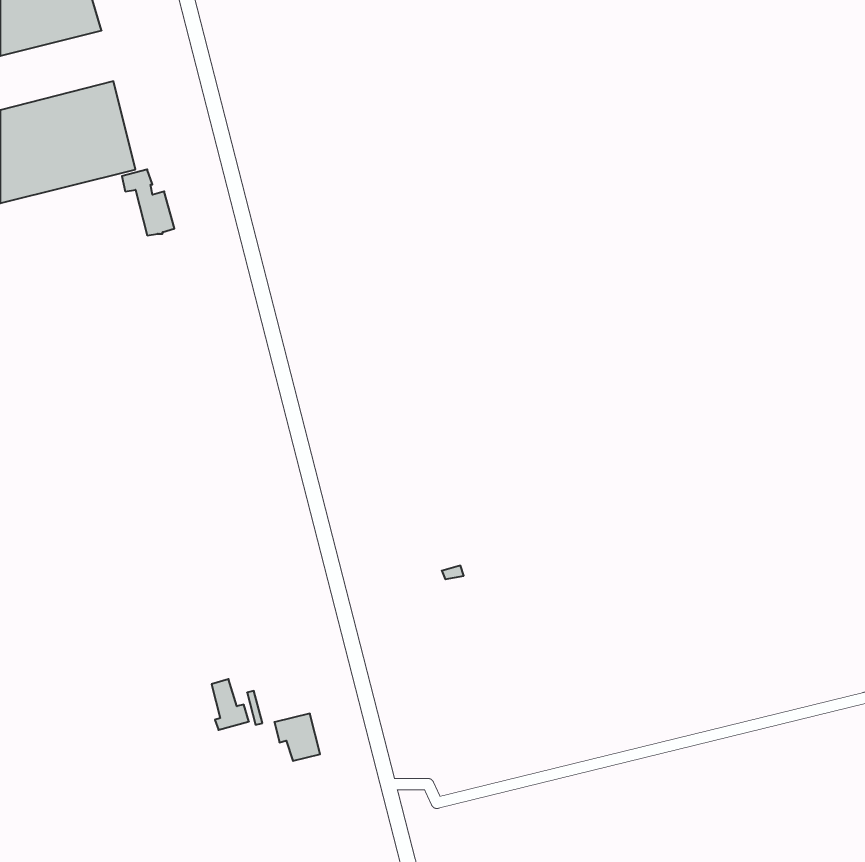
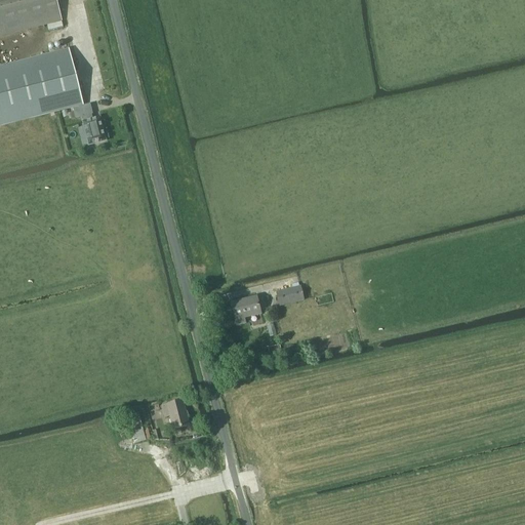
building: none -> [277,281,305,304]
building: none -> [231,295,261,324]
building: [274,714,320,761] -> [162,399,190,428]

